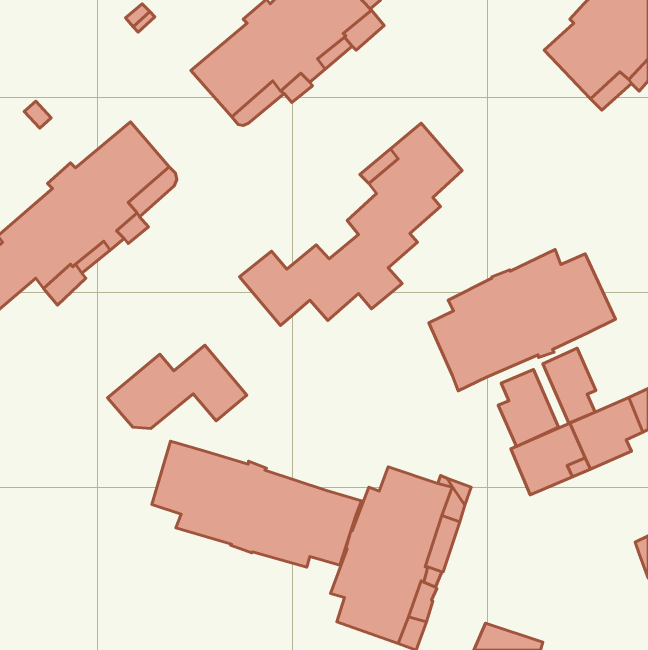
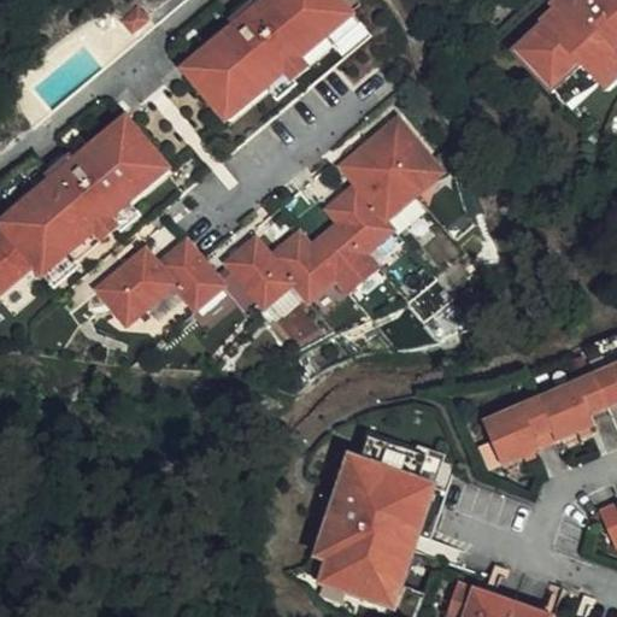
building: [429,249,615,391] -> none
building: [107,345,247,429] -> [94,239,225,317]
building: [543,348,596,423] -> none
building: [498,369,559,446] -> none
building: [152,441,361,567] -> none

